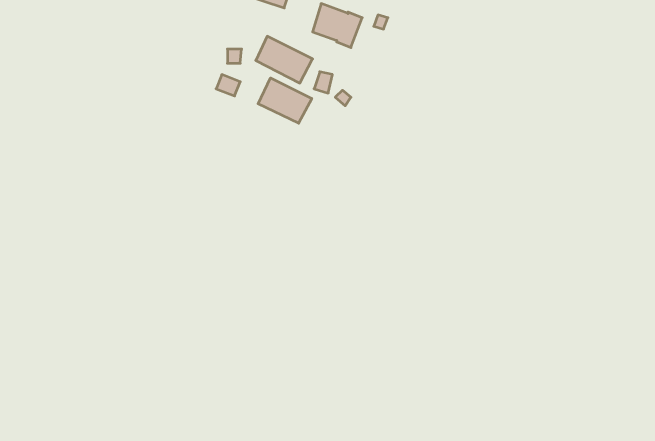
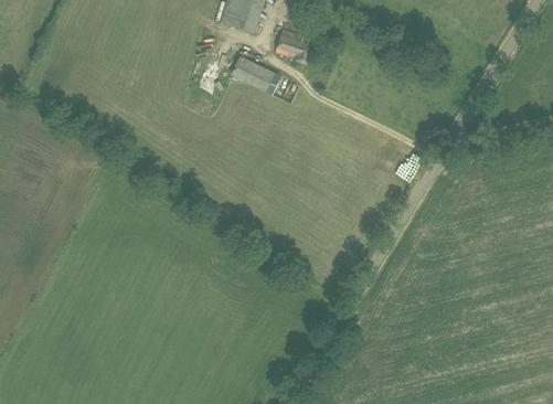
building: [258,78,312,123] -> none

